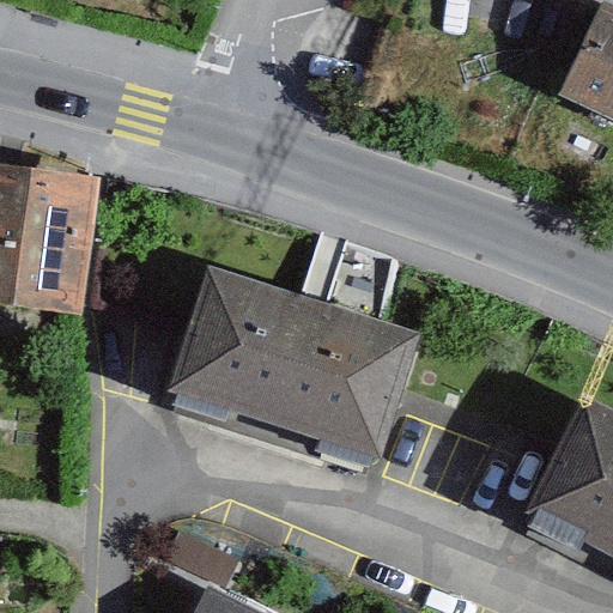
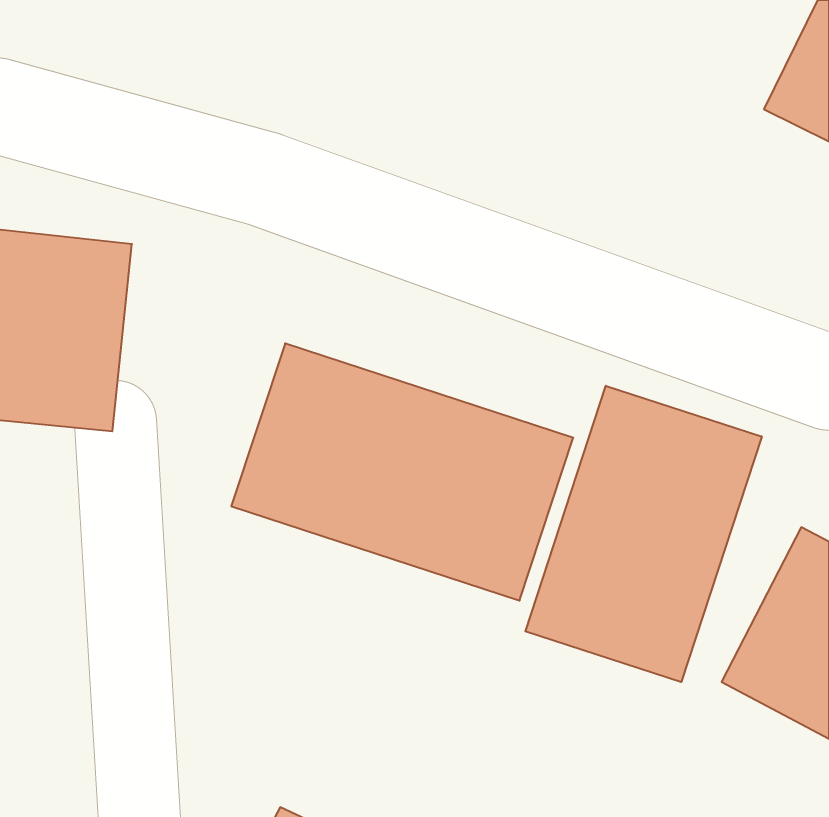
building: none -> [525,386,762,682]

